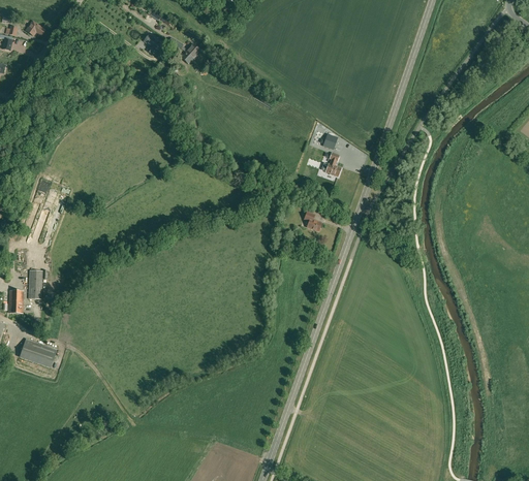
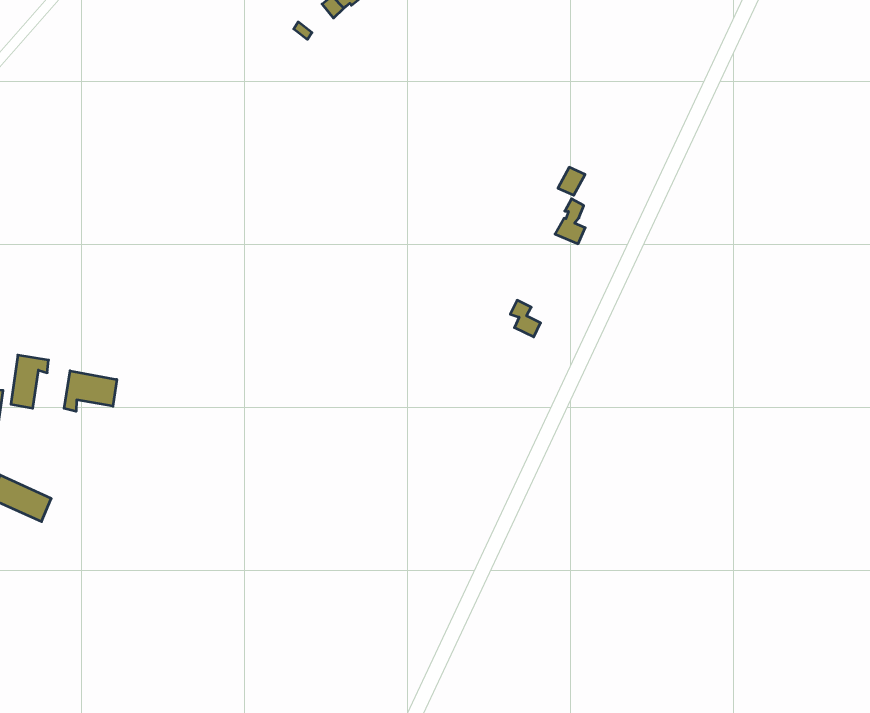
building: none -> [64,371,117,411]

